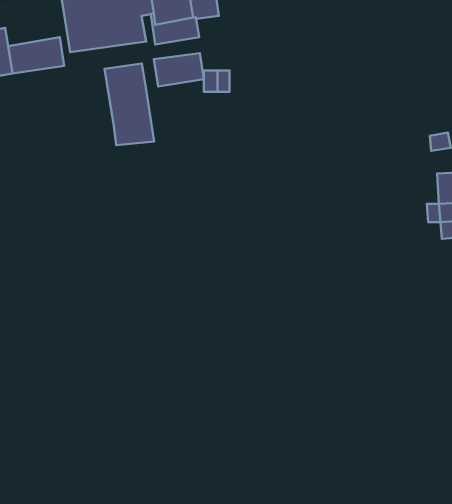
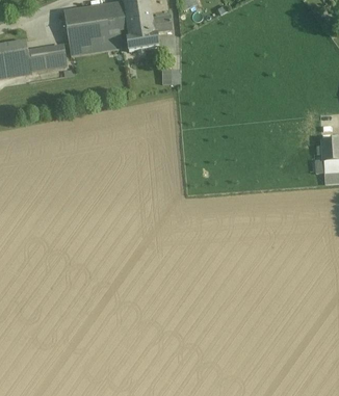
building: [154,53,204,87] -> none
building: [104,64,154,145] -> none

